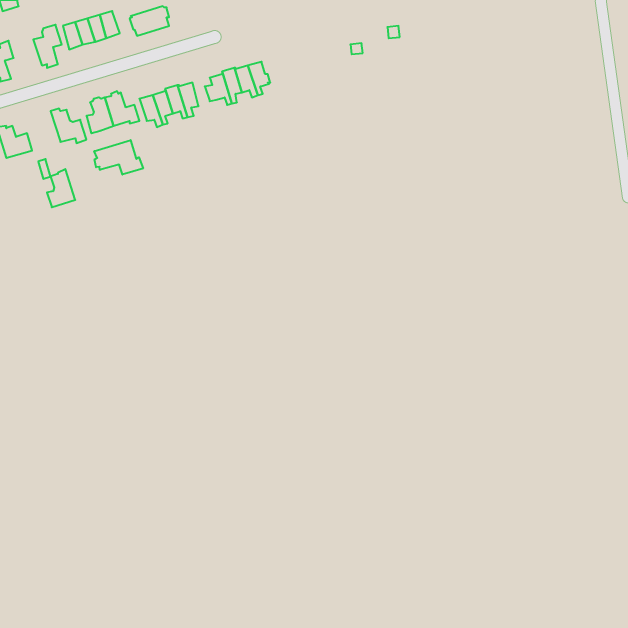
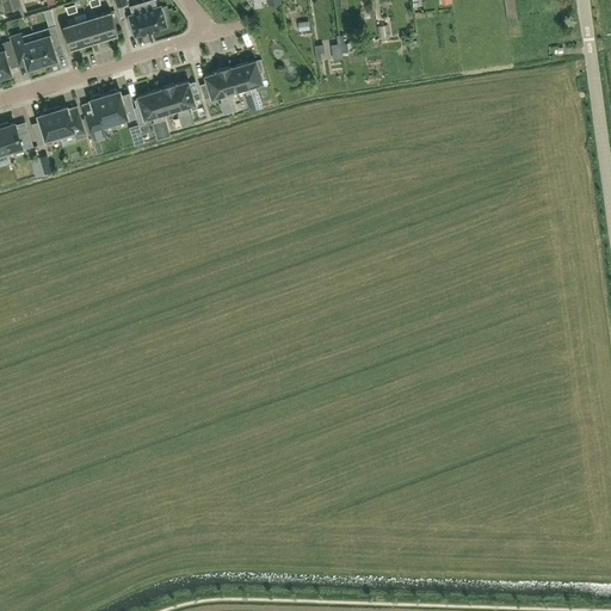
building: none -> [7,37,41,73]
building: [94,140,143,175] -> none
building: [47,169,75,207] -> [31,110,58,147]

